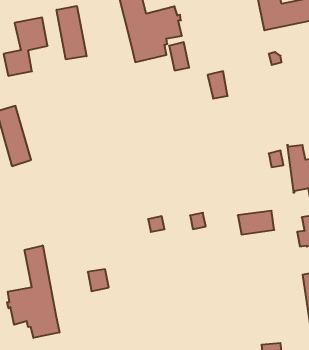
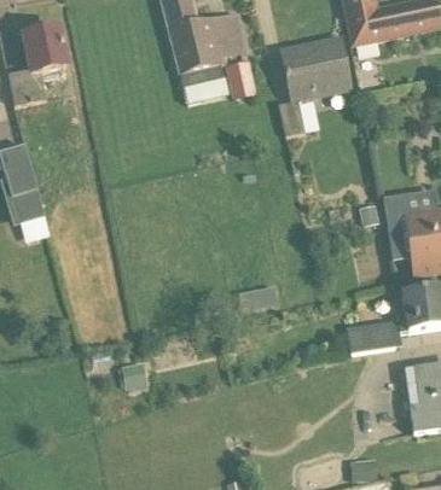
building: [57,6,87,59] -> none
building: none -> [282,37,350,94]
building: [238,211,274,234] -> [347,321,395,352]
building: [7,245,59,338] -> none

